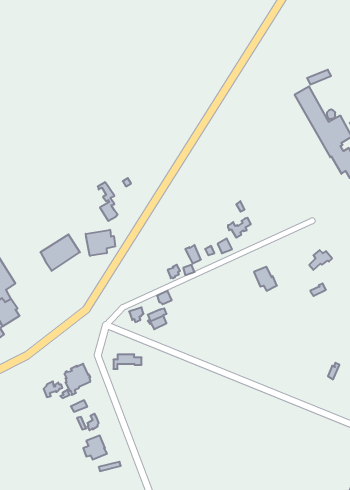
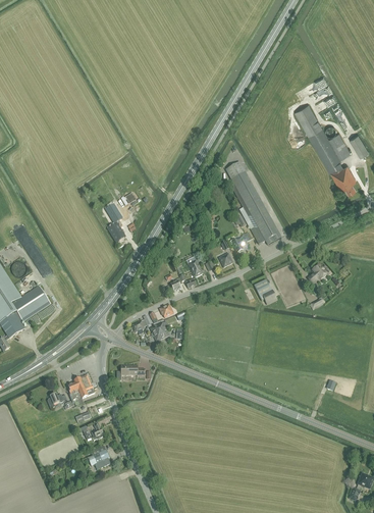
building: none -> [226,161,281,244]
building: [86,230,115,256] -> none
building: [40,234,80,271] -> [12,285,51,320]

